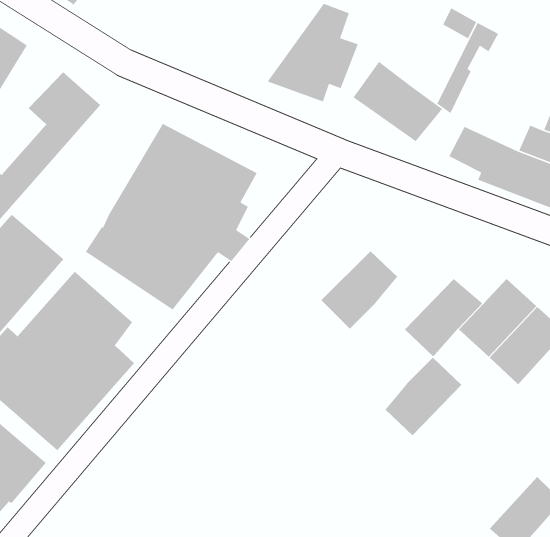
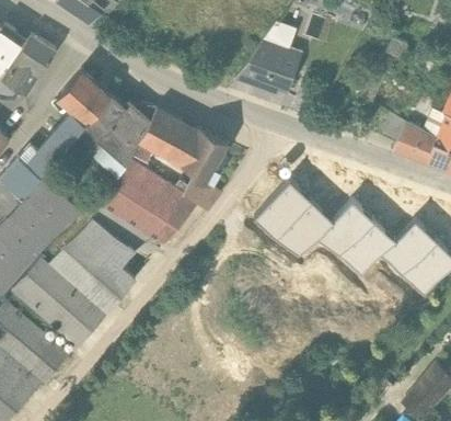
building: [352,61,443,142] -> none
building: none -> [77,94,157,175]
building: none -> [254,182,312,240]
building: [385,357,462,436] -> [316,203,374,262]

